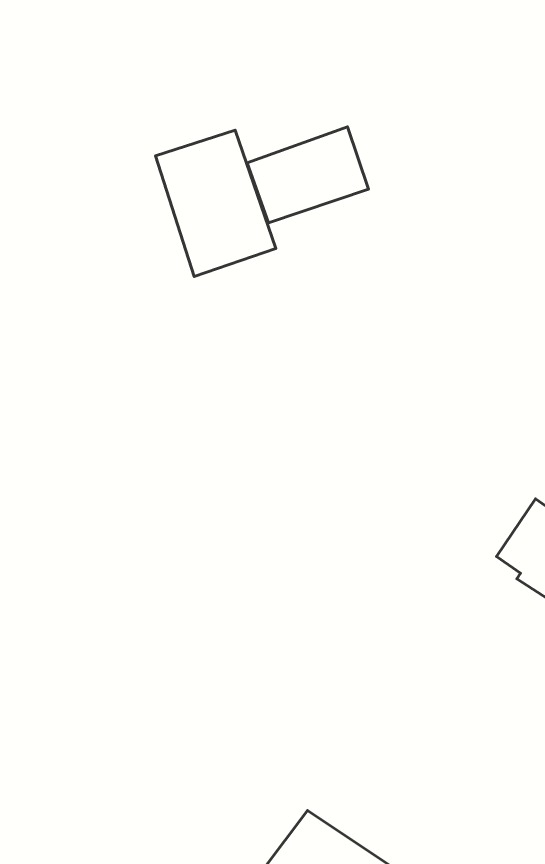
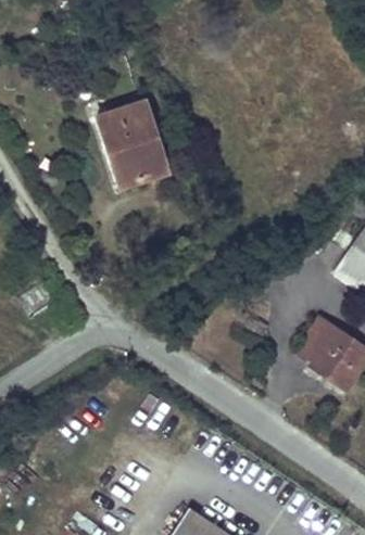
building: [247,127,369,223] -> none

